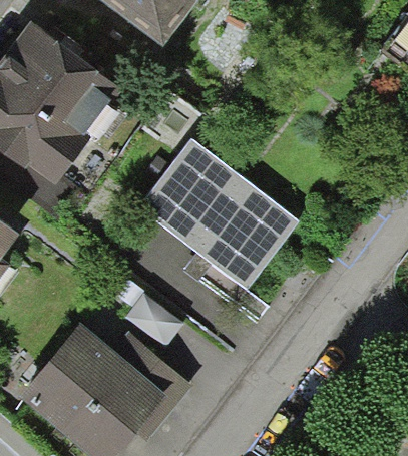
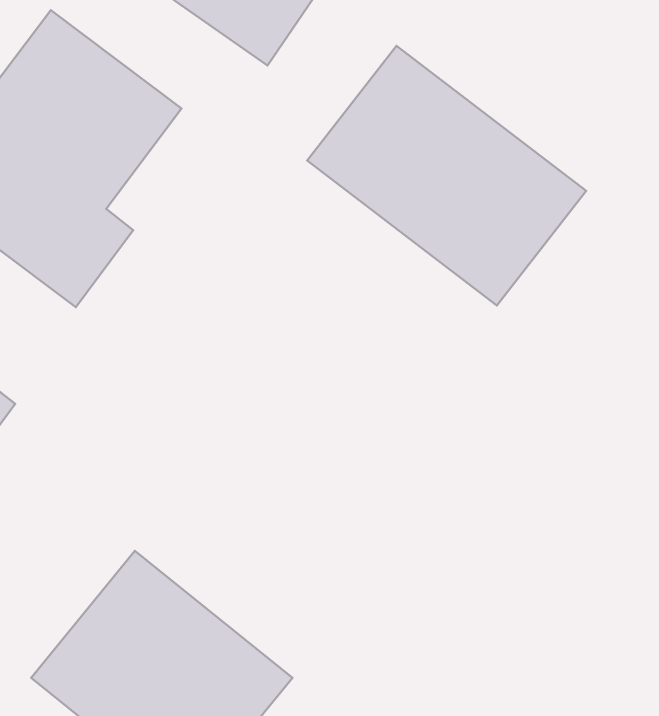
building: [143,139,300,285] -> [307,46,586,305]

